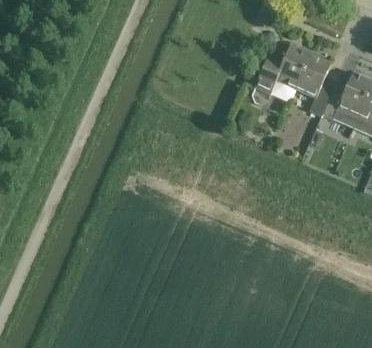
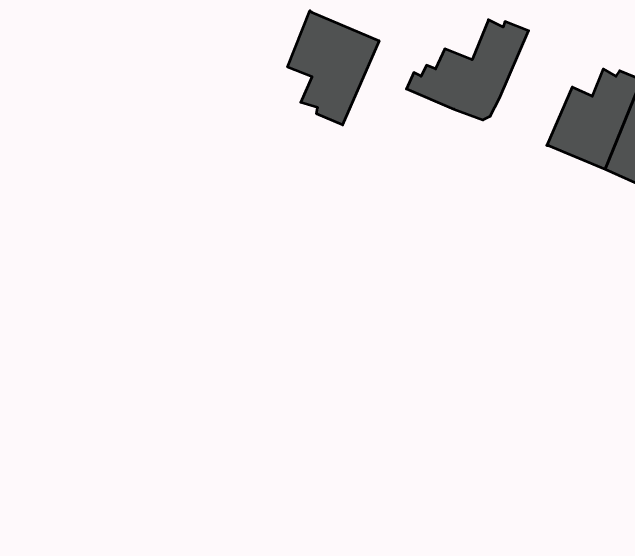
building: none -> [288,11,379,125]
building: [296,51,336,116] -> none

